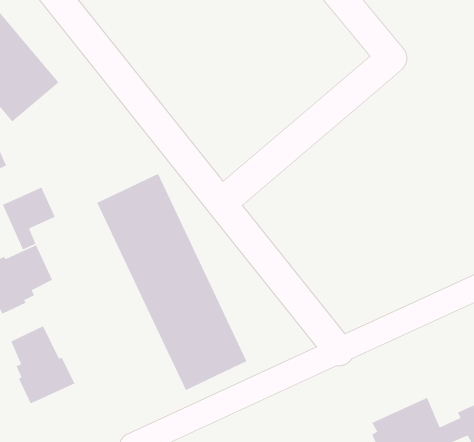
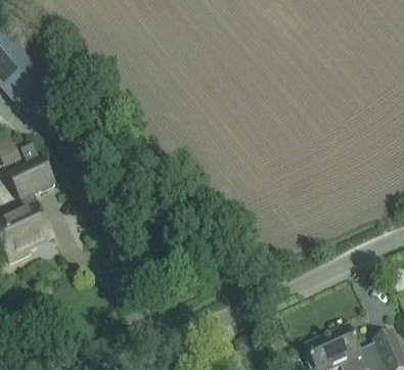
building: [96,173,248,391] -> none
building: [10,325,75,404] -> none

